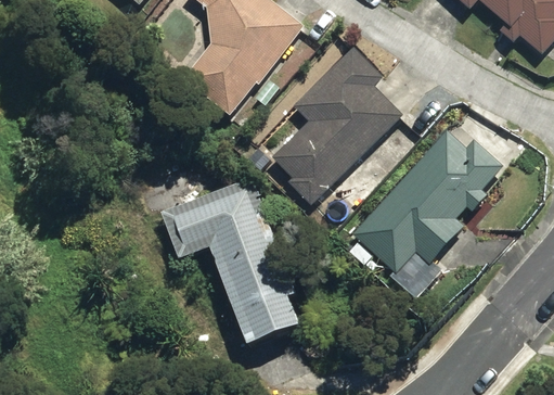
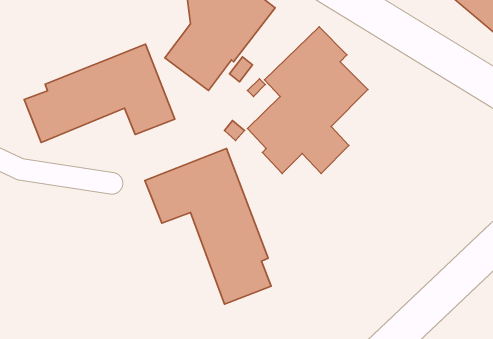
building: none -> [24,44,175,142]
building: [353,130,503,273] -> none

